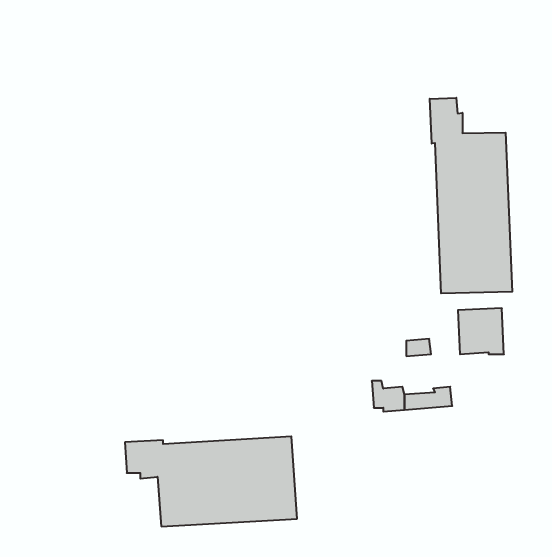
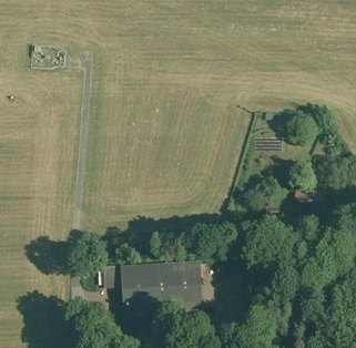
building: [430,98,512,293] -> none

